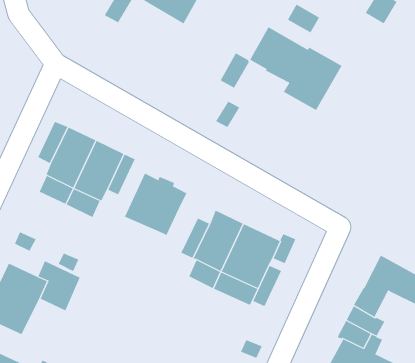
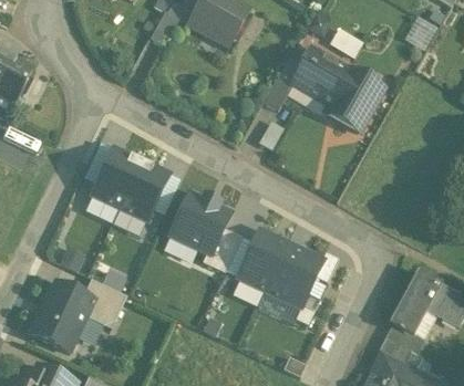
building: none -> [202,228,240,272]

